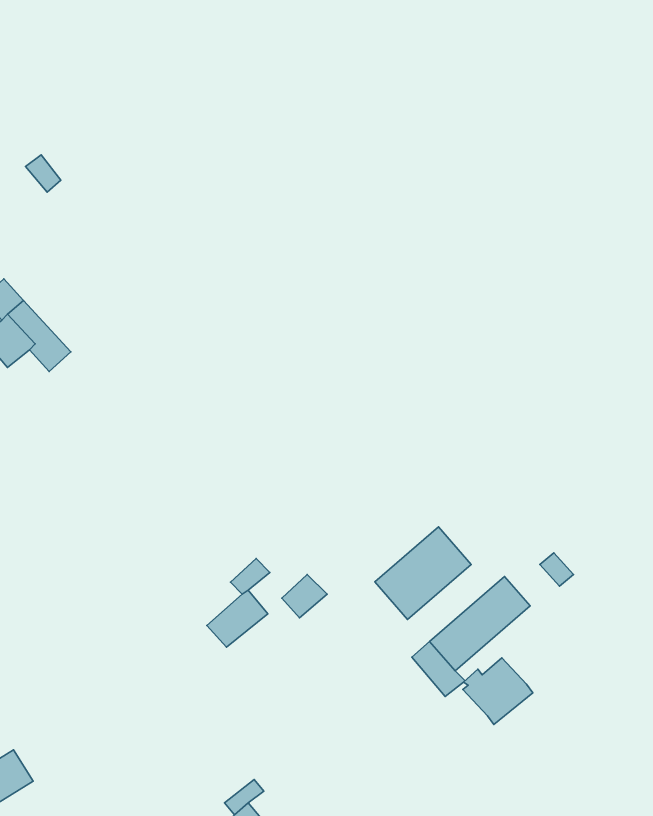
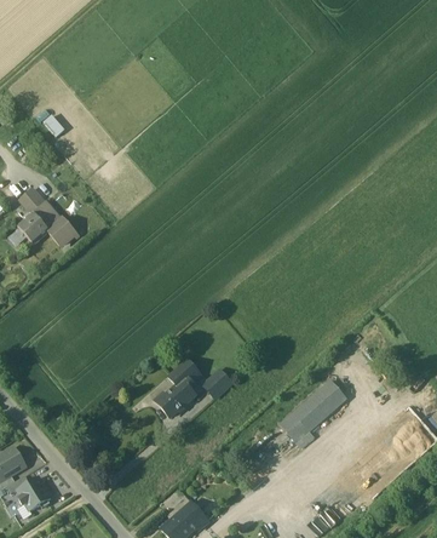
building: [375,527,471,620] -> none
building: [463,658,533,725] -> none

